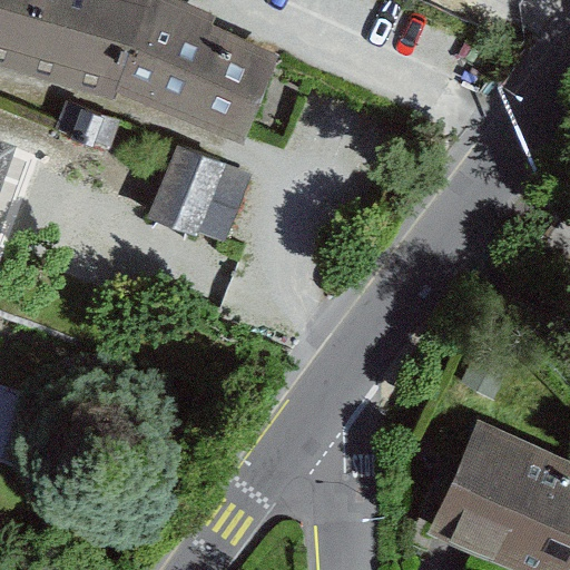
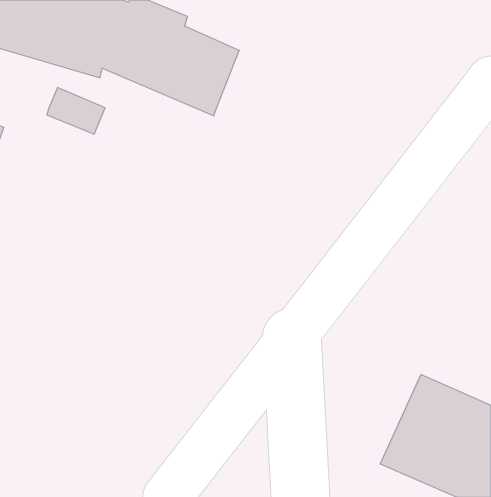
building: [148,146,252,244] -> none

